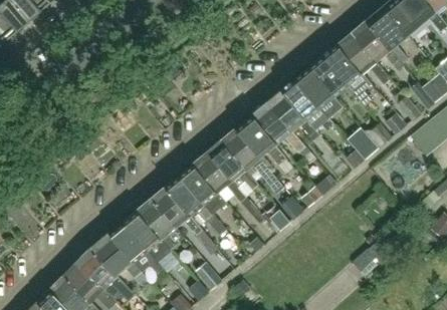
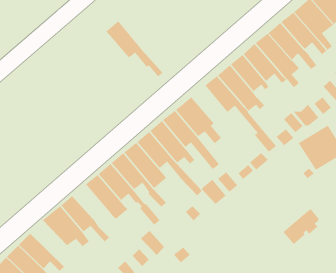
building: [252,102,315,165] -> [106,20,163,77]
building: [122,211,171,263] -> none
building: [75,250,135,302] -> none

